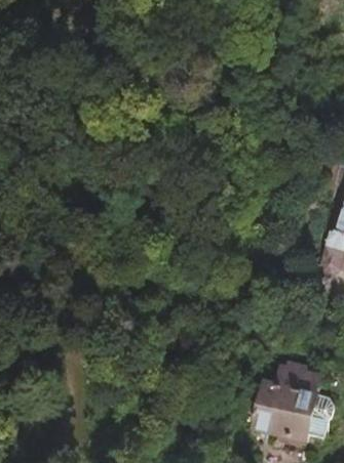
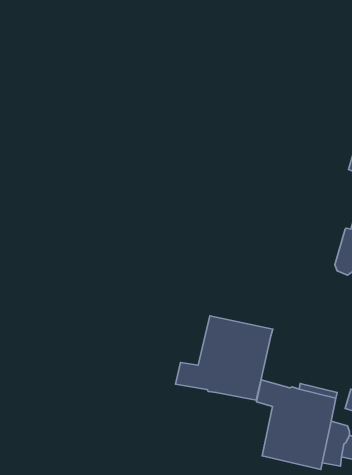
building: none -> [176,316,273,400]

